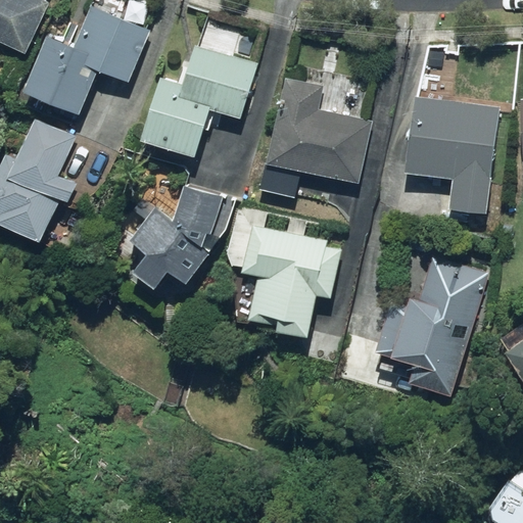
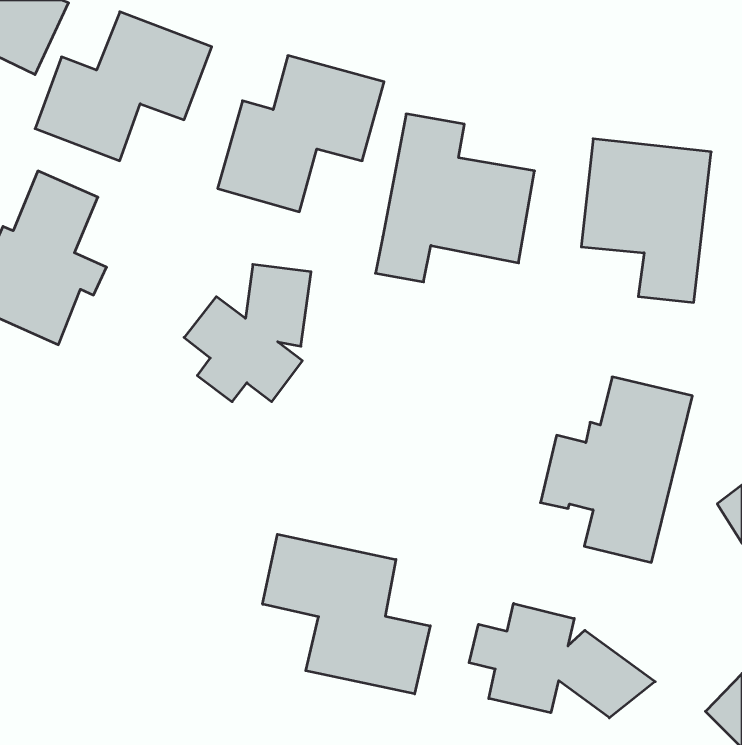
building: [221,216,333,339] -> none
building: none -> [263,534,430,694]
building: none -> [469,603,655,718]

